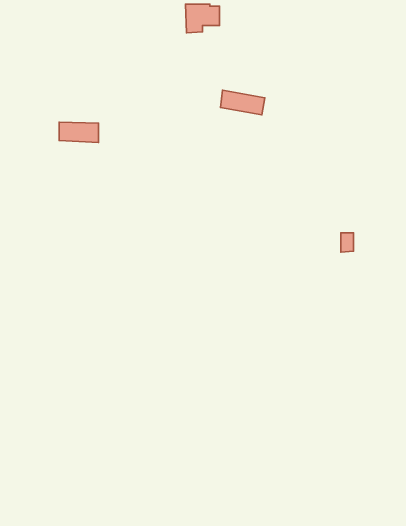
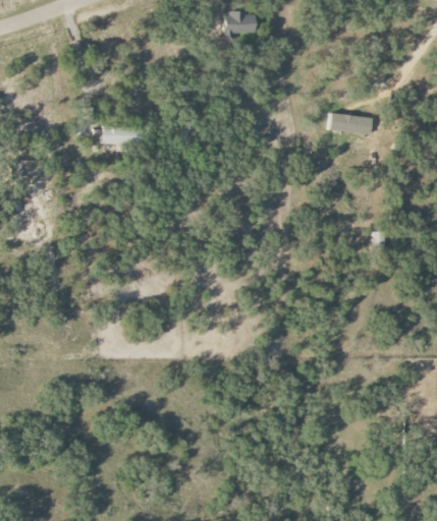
building: [220,90,265,115] -> [330,112,373,135]

